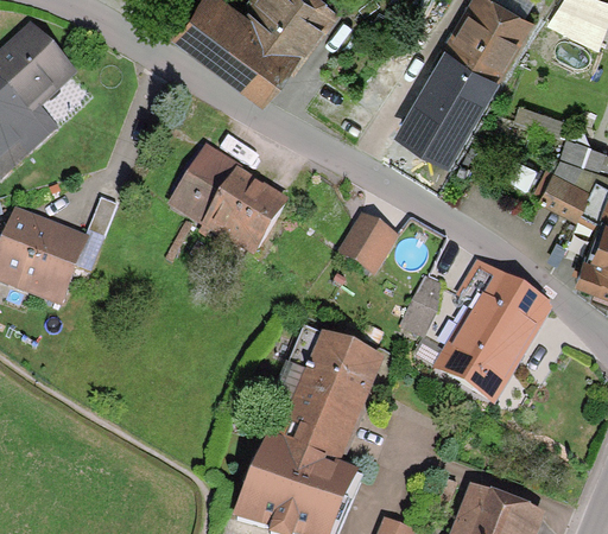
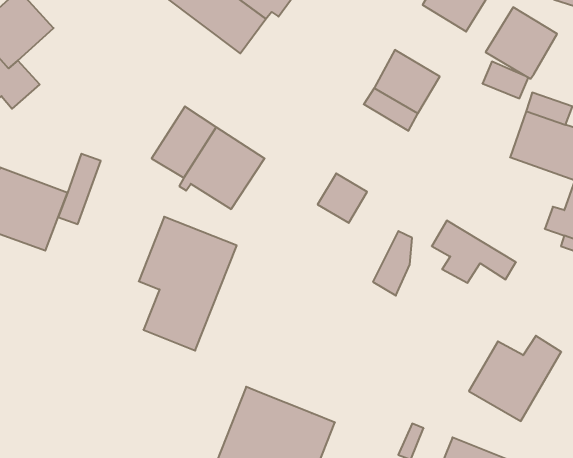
building: [422,42,495,115] -> [486,7,557,79]
building: [441,307,536,395] -> [469,336,561,421]
building: [278,324,379,462] -> [139,217,237,351]

